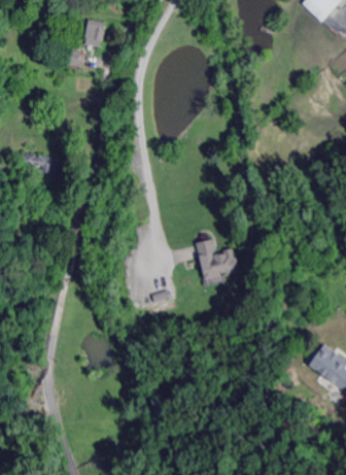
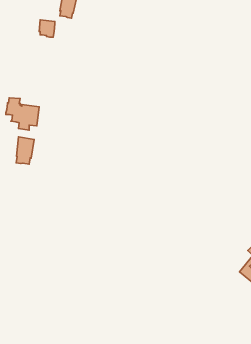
building: none -> [16,137,34,164]
building: [196,238,239,280] -> none

